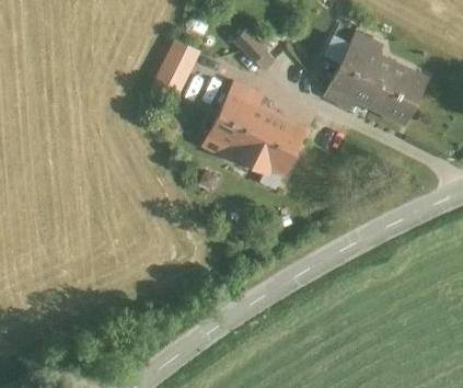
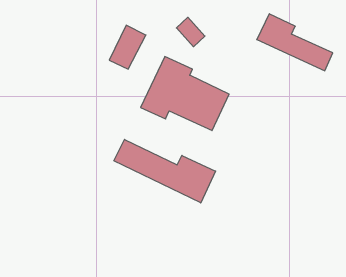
building: [322,60,419,122] -> none
building: none -> [114,139,216,203]

